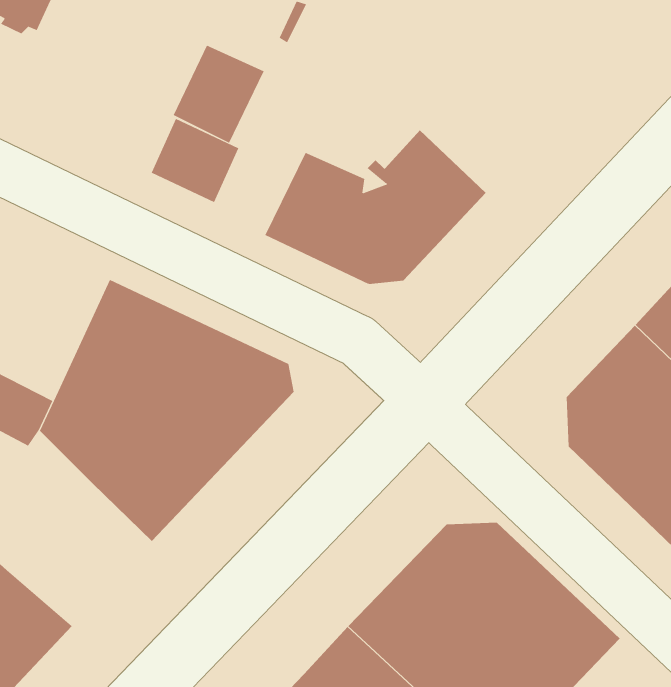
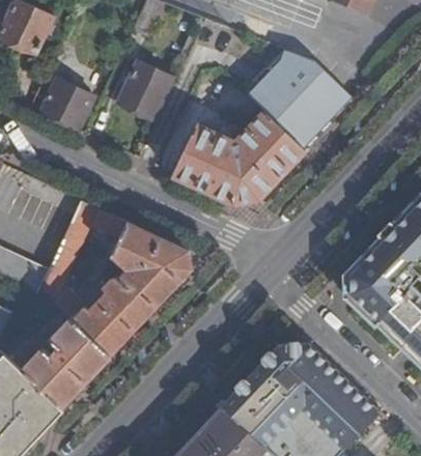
building: none -> [244,52,352,149]
building: [151,118,239,203] -> [41,80,93,130]
building: none -> [21,320,106,404]

